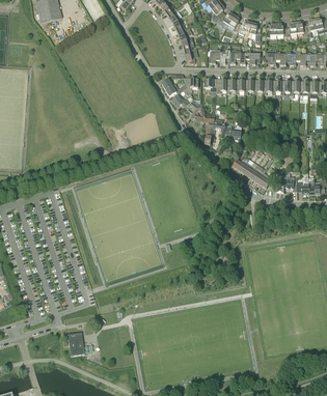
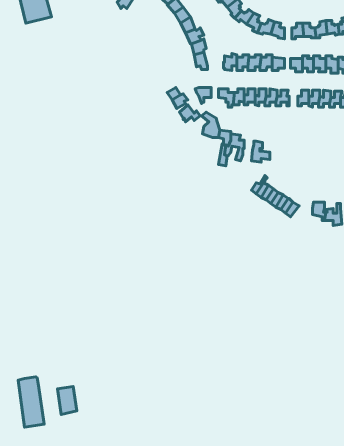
building: none -> [18,377,44,427]

